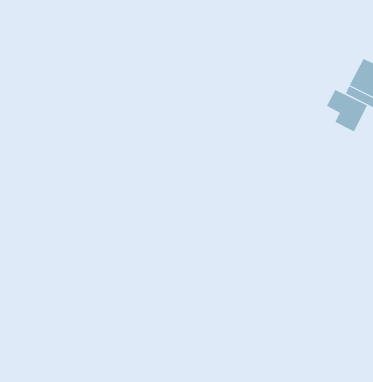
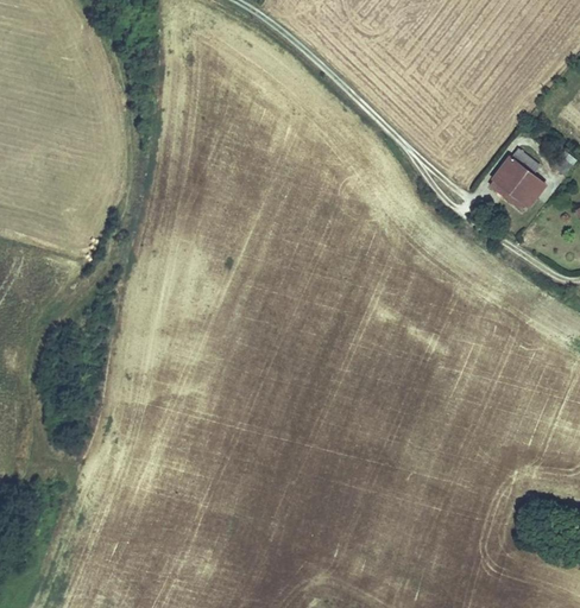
building: [326,89,368,132] -> none

